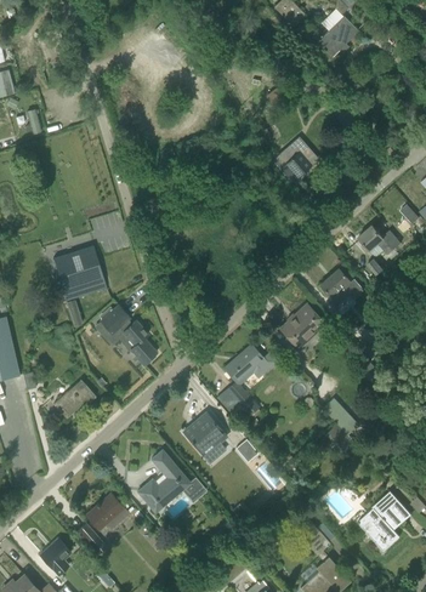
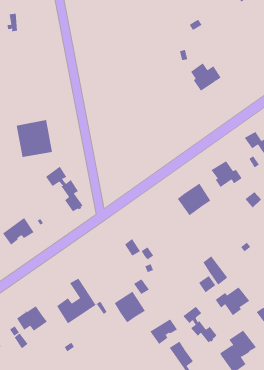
building: [223,345,278,386] -> none
building: [183,412,227,456] -> [114,291,146,323]
building: none -> [215,286,250,316]
building: none -> [182,306,217,343]
building: none -> [150,318,178,345]

